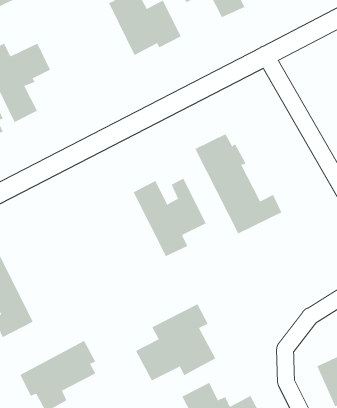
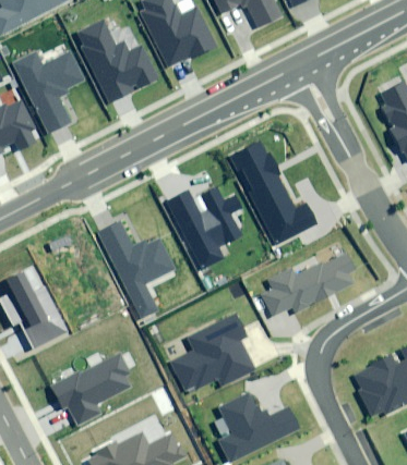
building: none -> [79,20,158,102]
building: none -> [97,220,175,316]
building: none -> [261,253,356,317]

